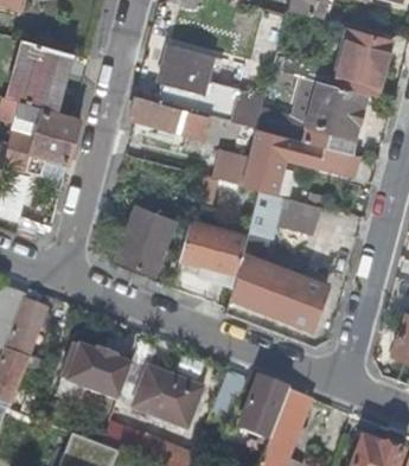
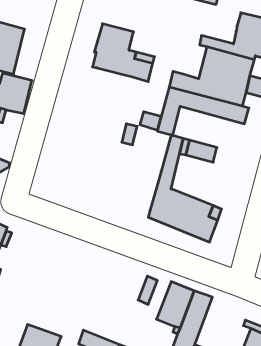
building: [128,95,209,138] -> none
building: [115,205,173,273] -> none
building: [178,221,245,286] -> none
building: [59,346,129,403] -> none
building: [130,366,200,429] -> none

